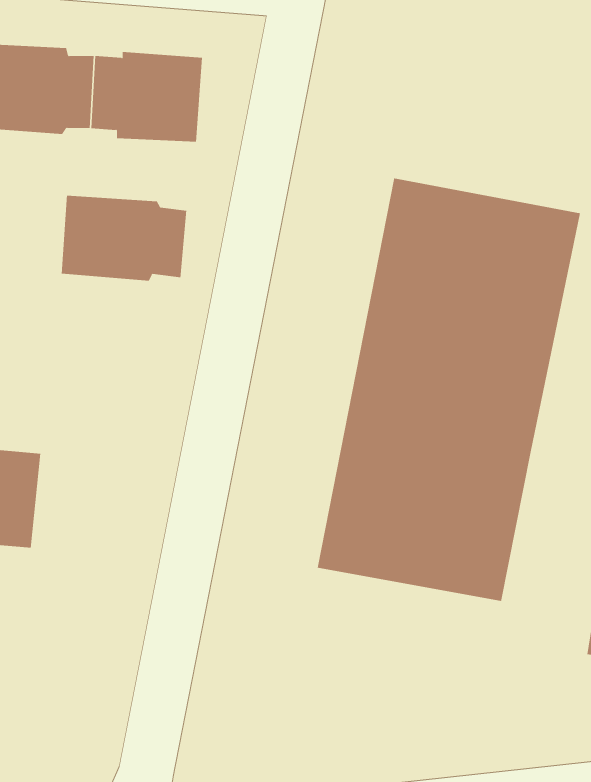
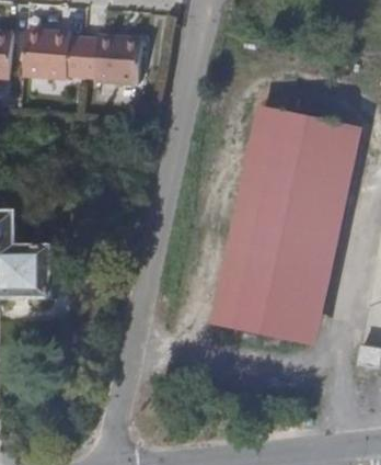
building: [61,195,187,282] -> none

